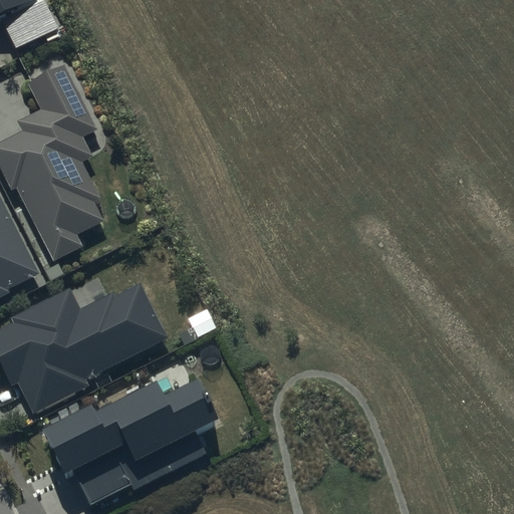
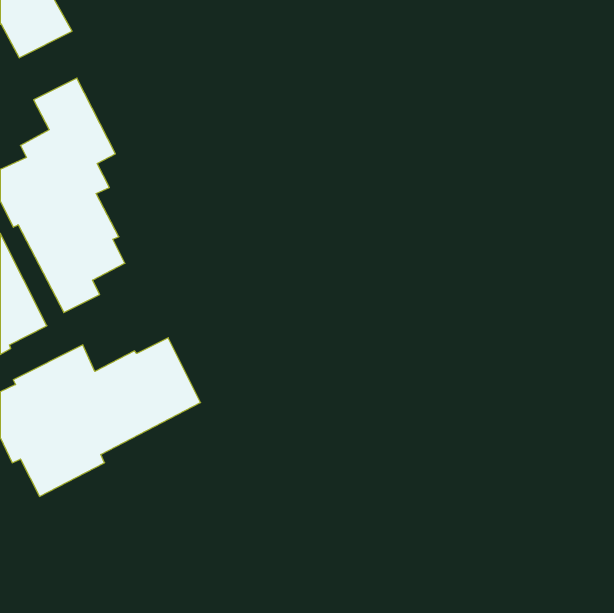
building: [42,375,221,503] -> none

